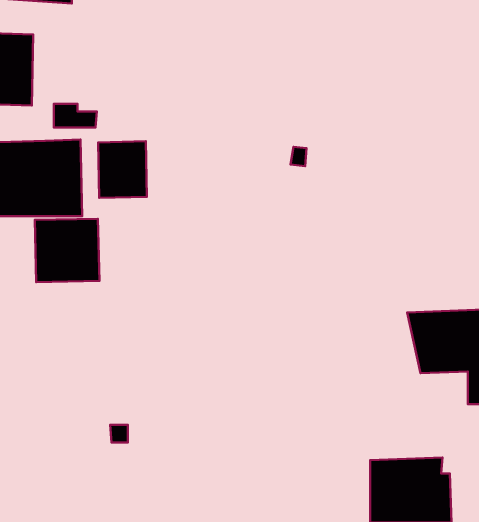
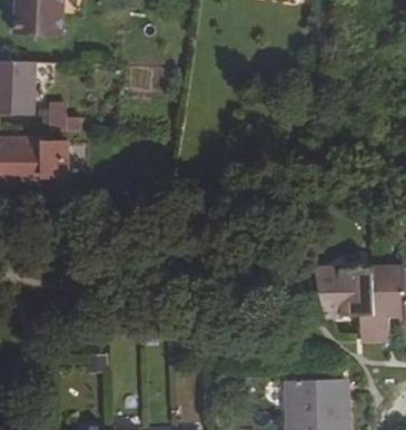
building: [98,141,147,198] -> none
building: [35,219,99,282] -> none

